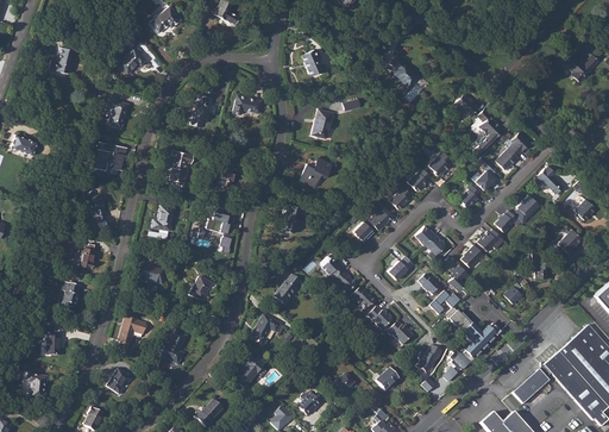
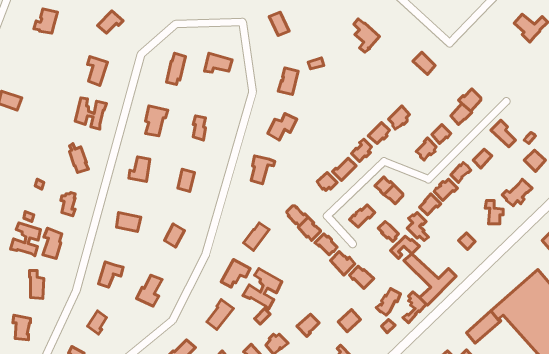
building: [472,112,503,155] -> none
building: none -> [10,223,41,256]
building: none -> [243,268,282,309]

